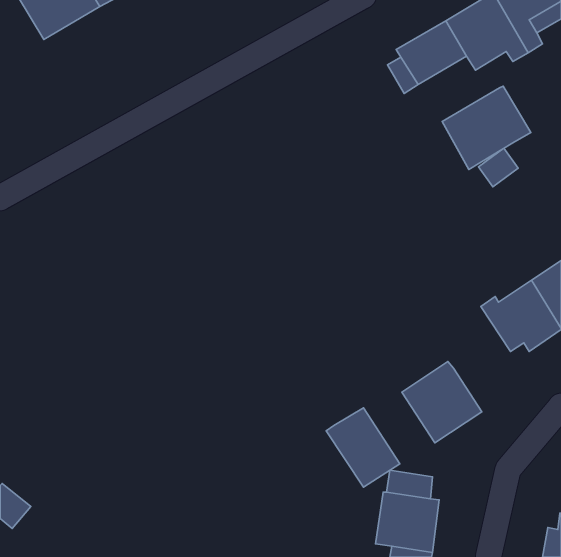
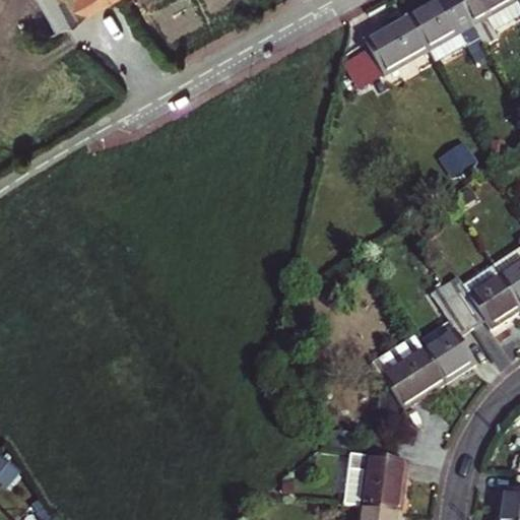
building: [442,86,531,170] -> none
building: none -> [419,283,474,381]
building: [326,408,400,487] -> none

